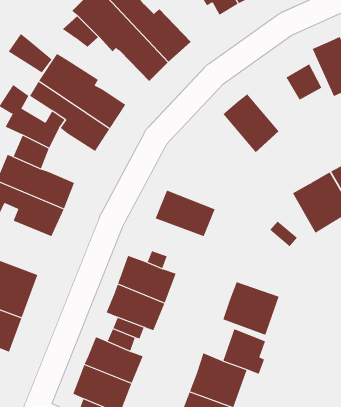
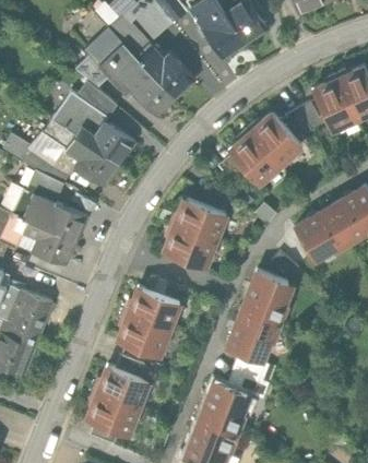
building: [8,33,52,73] -> [76,79,119,117]
building: none -> [251,111,304,166]
building: none -> [174,195,230,240]
building: none -> [240,269,296,323]

